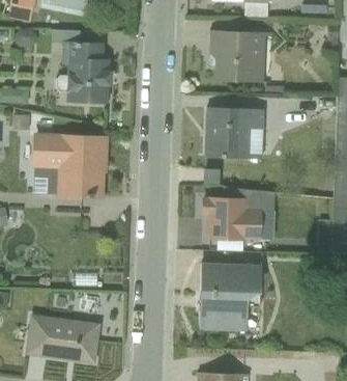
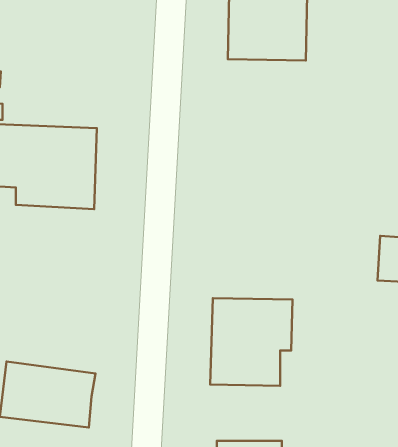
building: [62,42,109,104] -> none
building: [204,107,264,160] -> none
building: [204,197,273,240] -> none

